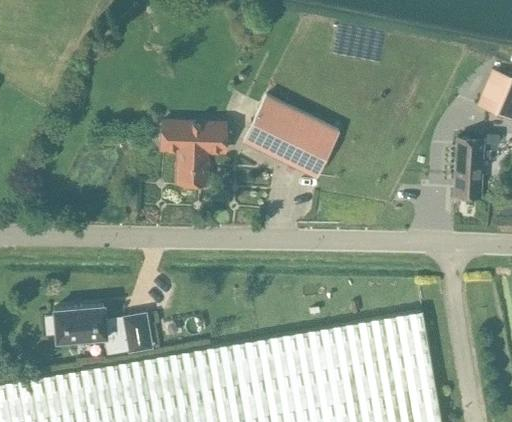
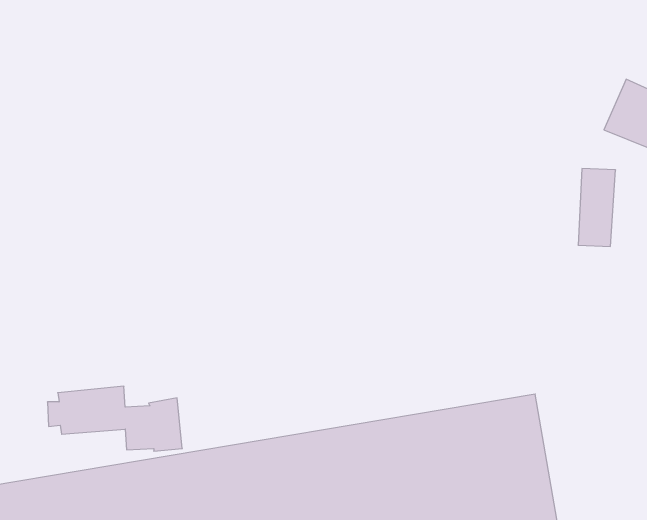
building: [245,97,340,179] -> none
building: [162,123,226,186] -> none

